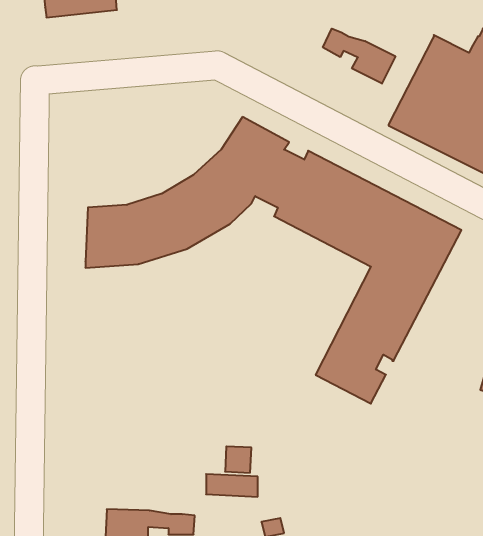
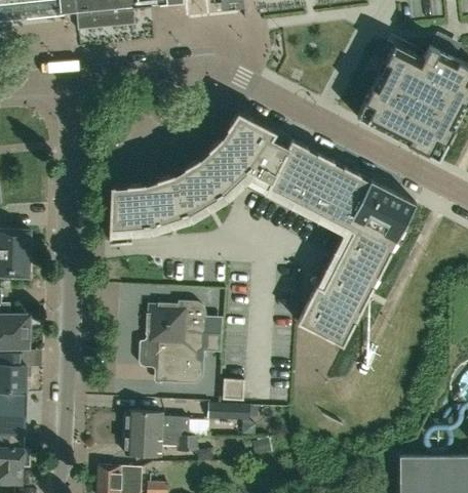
building: [323,29,395,84] -> none
building: none -> [139,302,206,385]
building: none -> [126,411,189,437]

